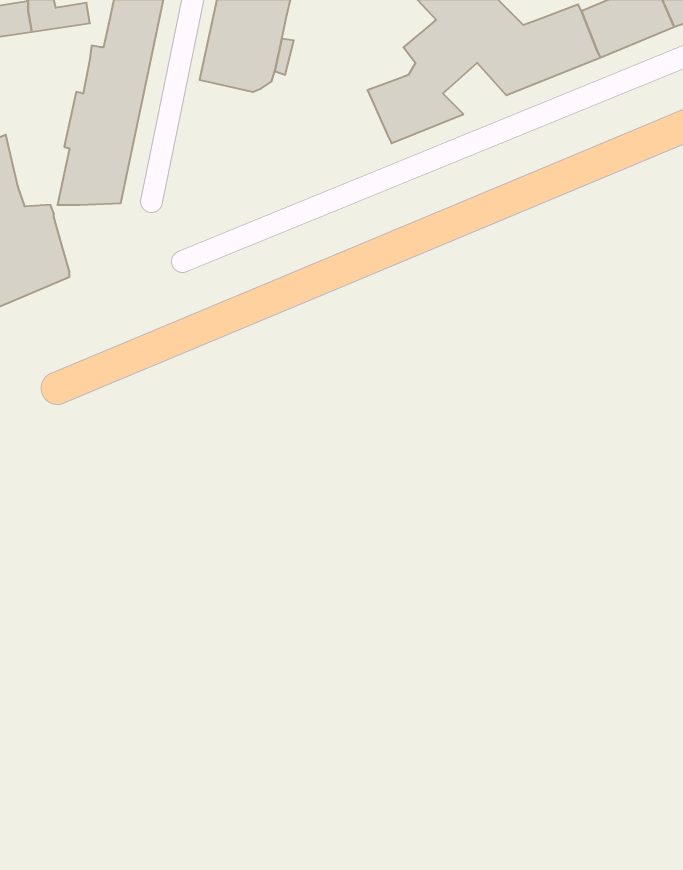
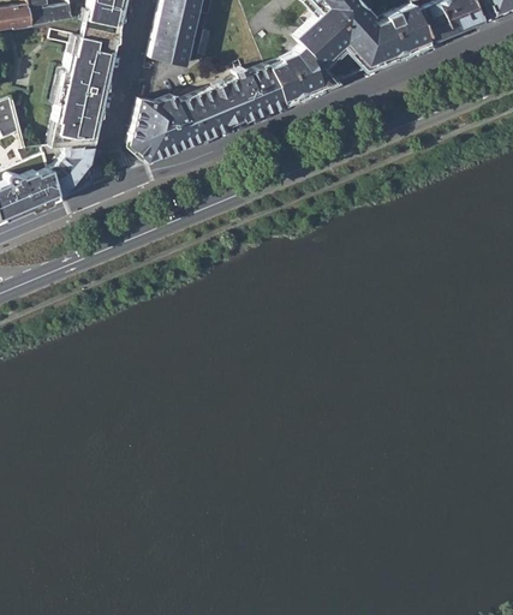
building: none -> [129,65,284,159]
building: none -> [50,144,94,196]

